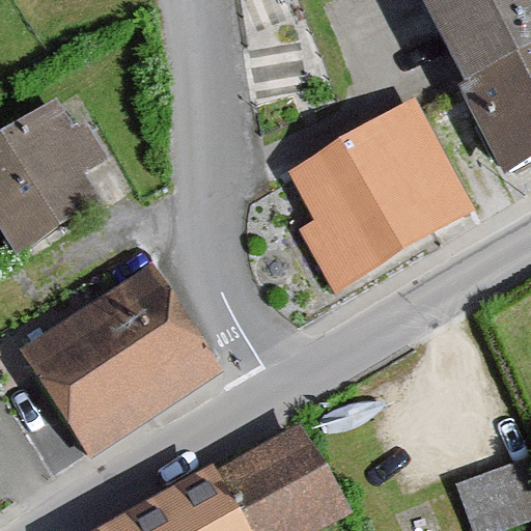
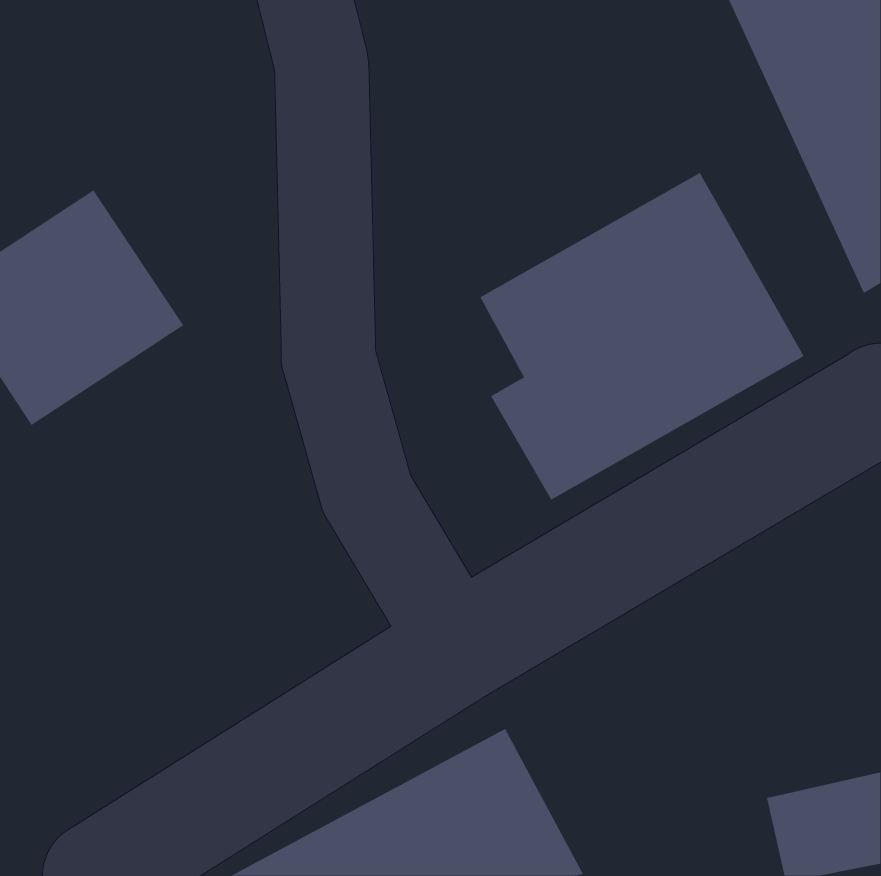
building: [16,259,217,449] -> none

